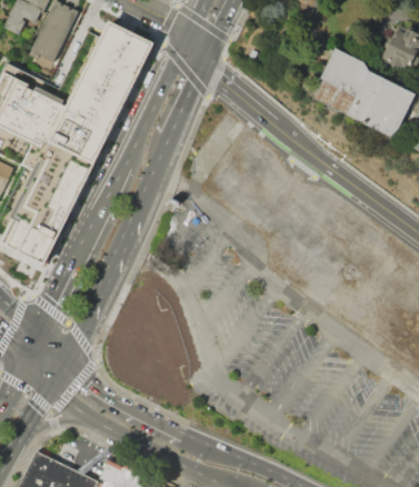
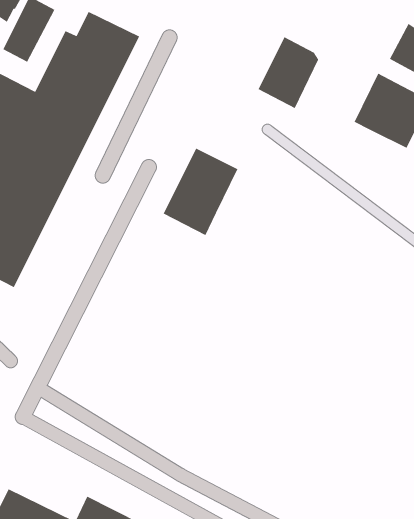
building: [318,49,375,116] -> [257,36,319,109]
building: none -> [163,148,238,236]

